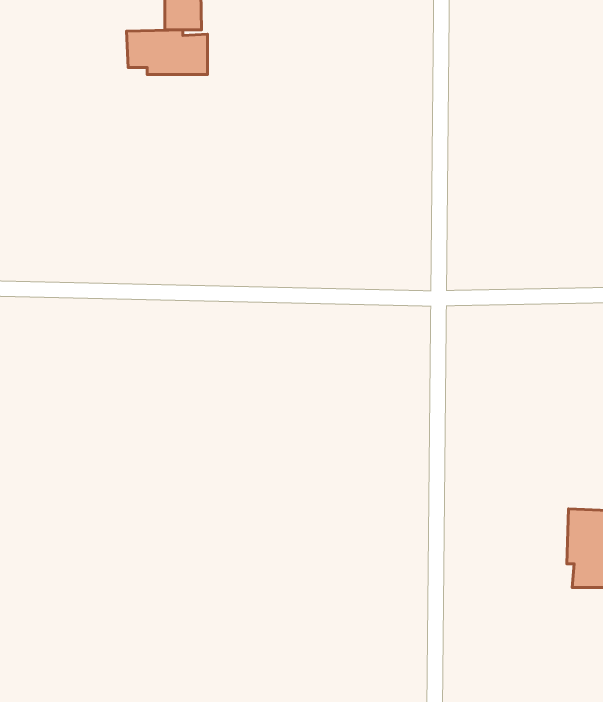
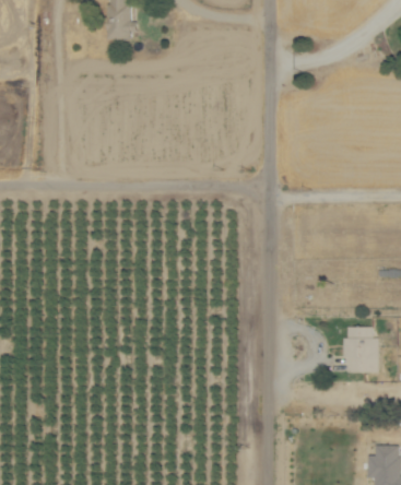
building: [126,30,207,75] -> none

